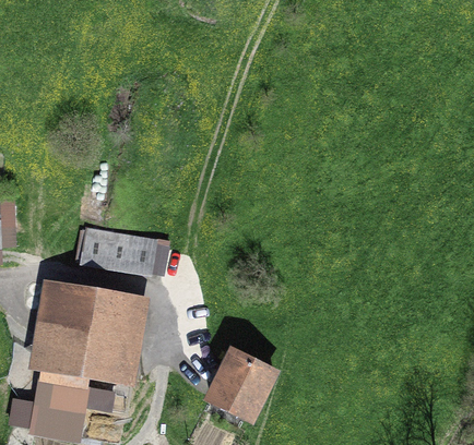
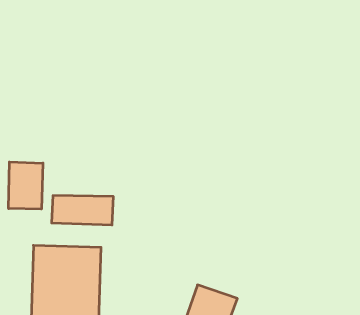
building: none -> [9,162,43,209]

